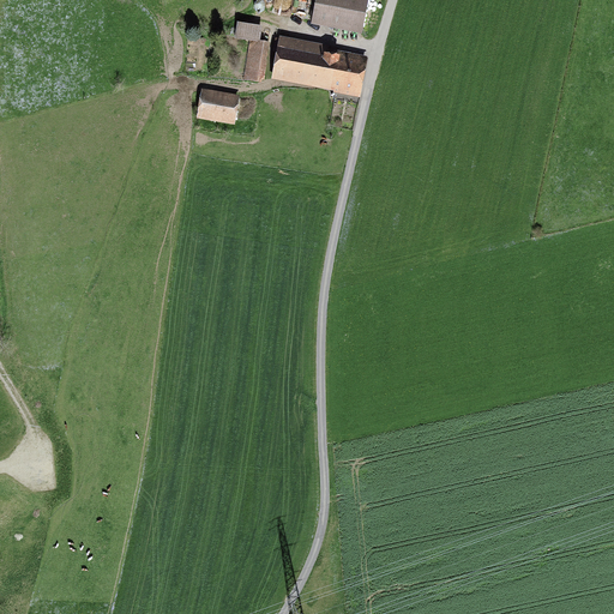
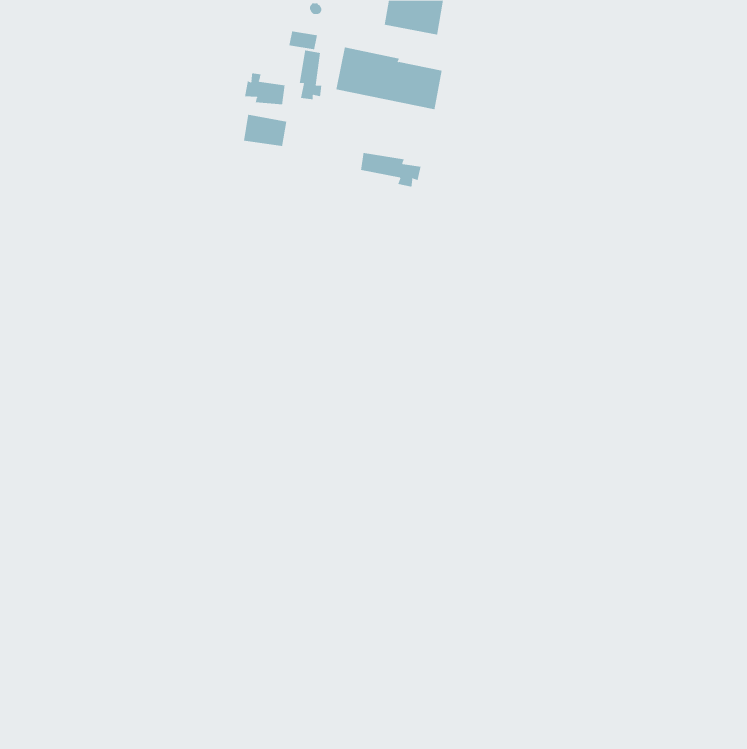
building: none -> [245,72,285,105]
building: none -> [361,152,421,188]

